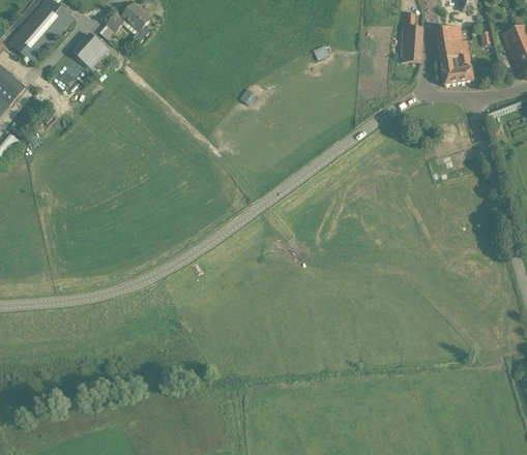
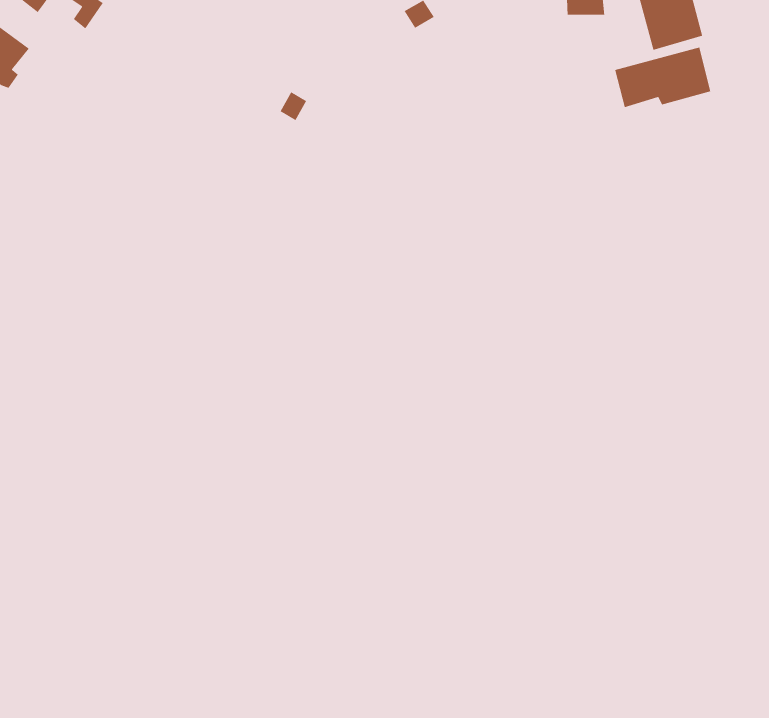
building: none -> [614,46,711,108]

